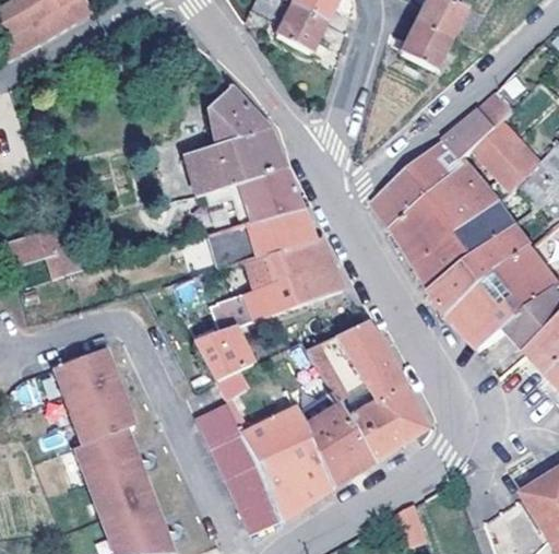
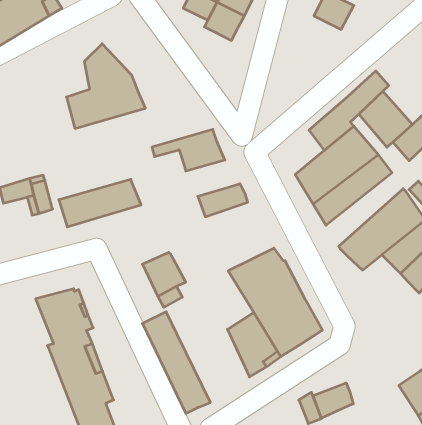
building: [402,21,452,69] -> none
building: [186,84,287,193] -> [66,44,145,128]
building: [373,168,430,227] -> none
building: [210,207,316,268] -> [59,179,141,227]
building: [432,223,532,318] -> none
building: [216,261,344,328] -> none
building: [51,346,110,386] -> none
building: [241,408,334,519] -> none
building: none -> [313,383,353,418]

